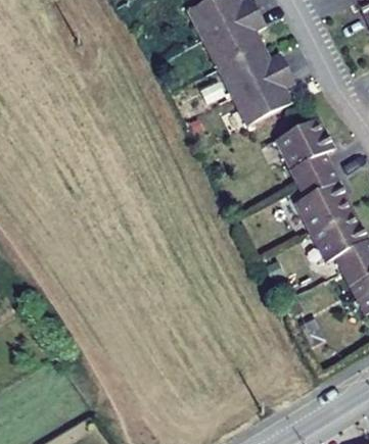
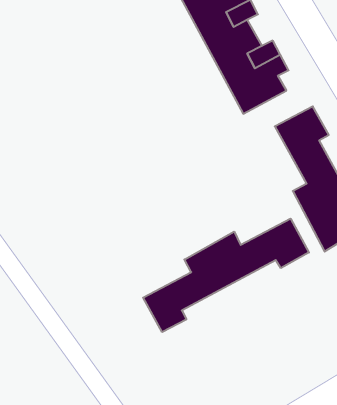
building: none -> [143,219,309,332]

